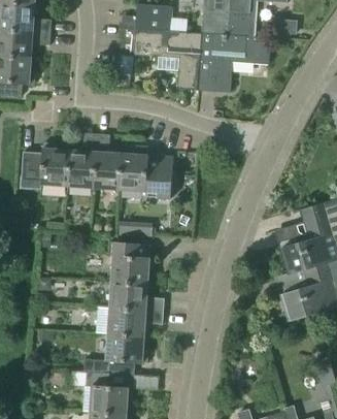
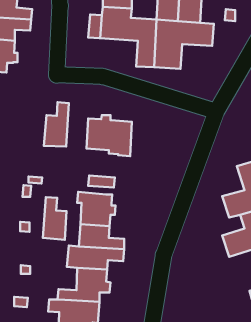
building: [93,133,120,188] -> none
building: [19,140,69,188] -> none
building: none -> [43,197,66,240]

